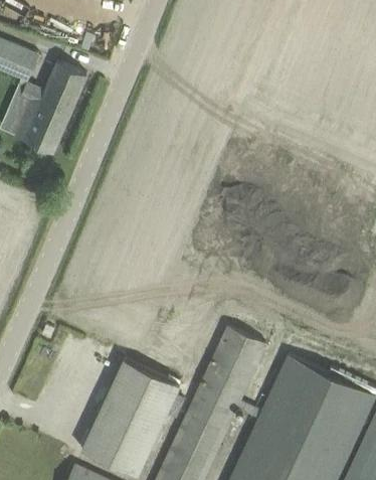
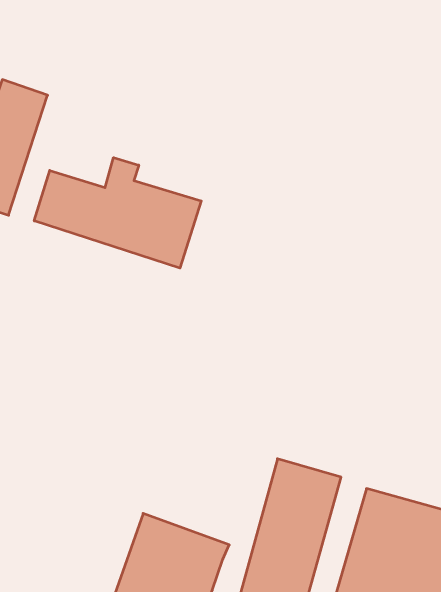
building: none -> [34,158,201,268]

